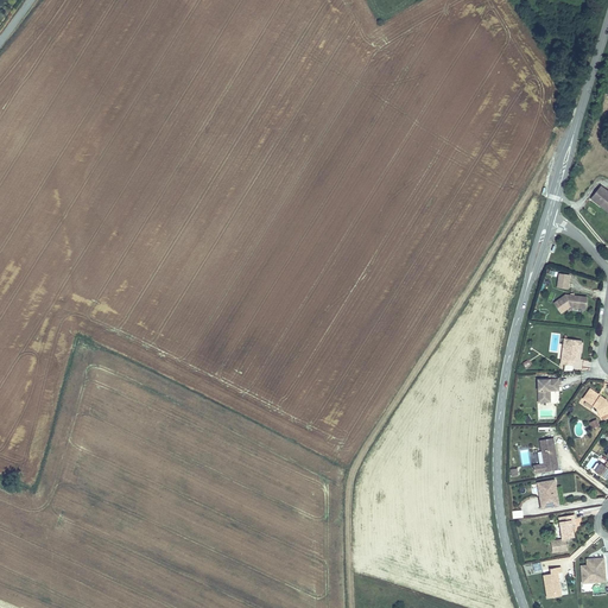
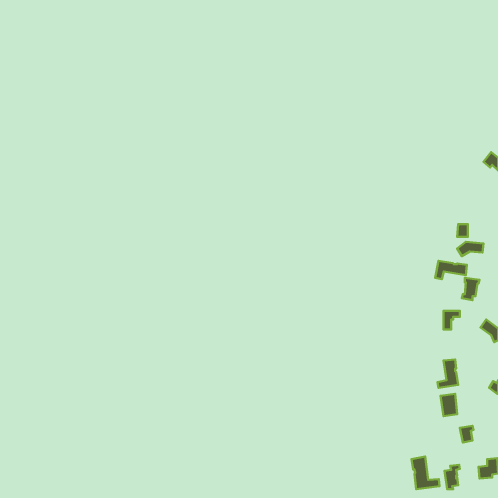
building: none -> [435,261,467,279]
building: none -> [412,457,439,489]

